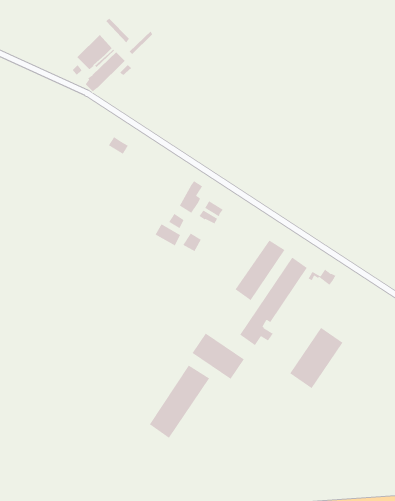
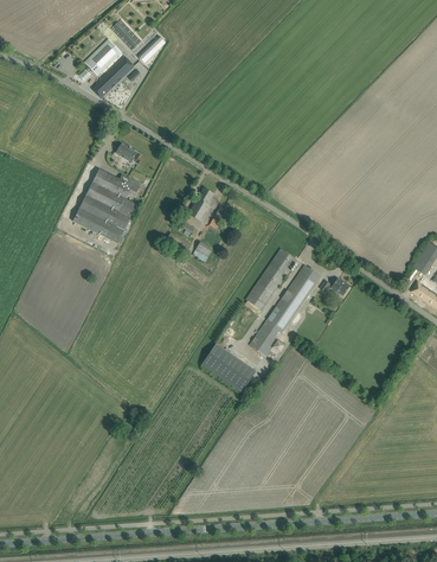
building: none -> [72,168,141,243]
building: [289,327,343,389] -> none
building: [149,364,210,439] -> none

